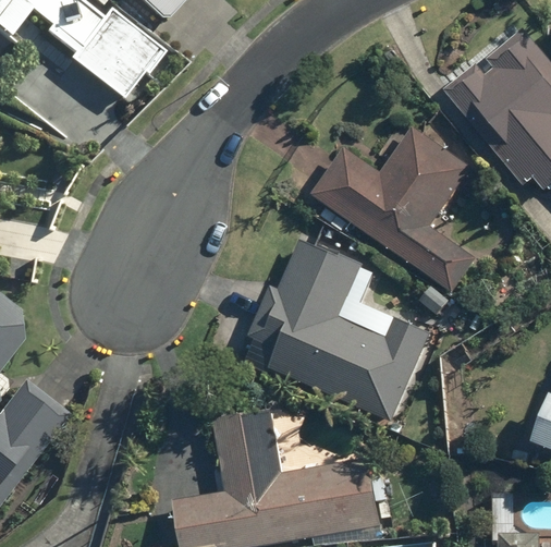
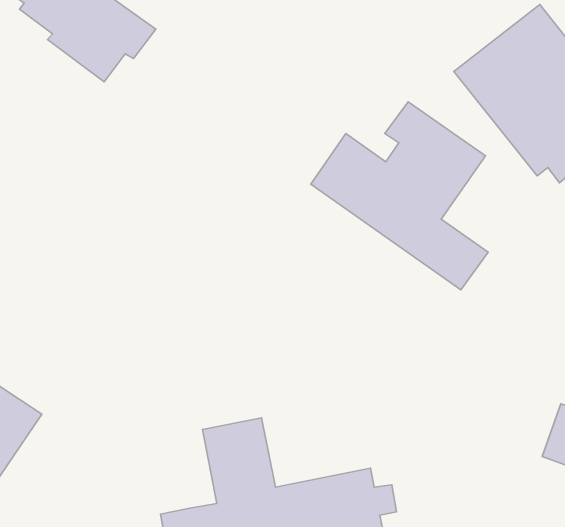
building: [248,228,434,423] -> none

